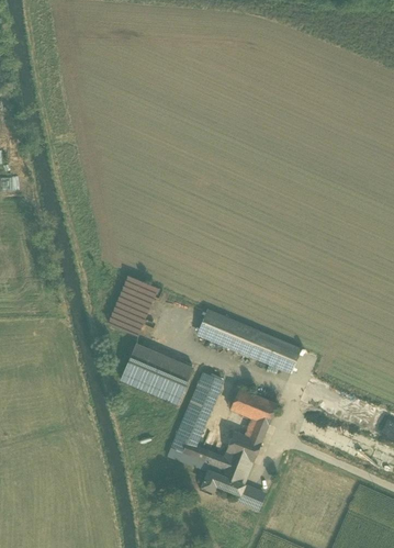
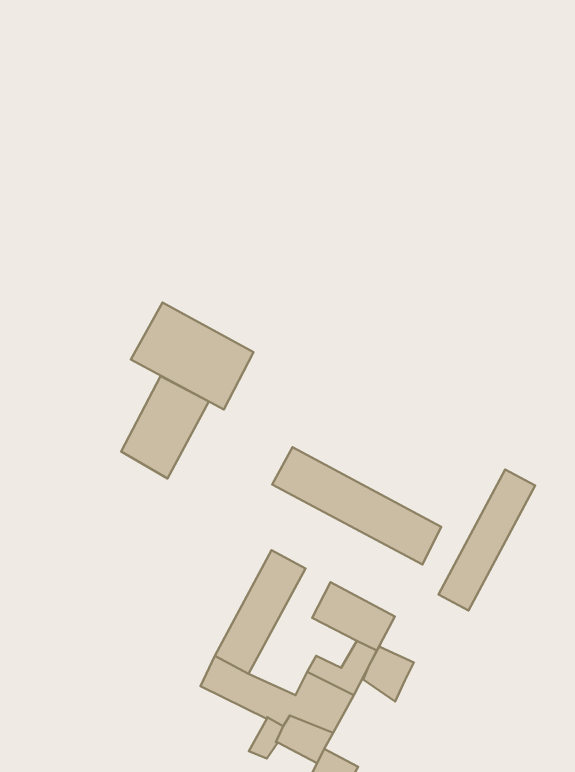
building: none -> [439,469,535,611]
building: [121,345,192,404] -> [131,302,254,410]
building: none -> [363,646,414,701]

